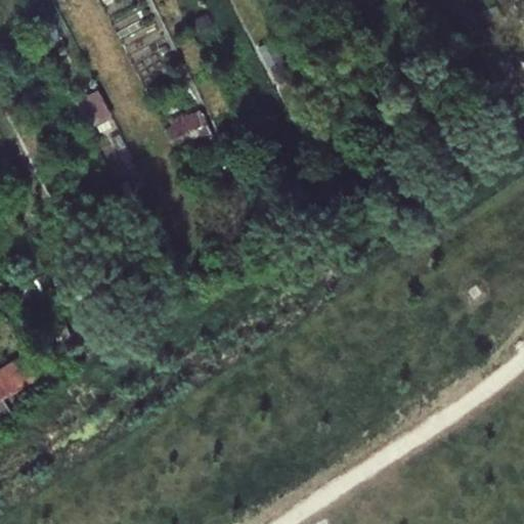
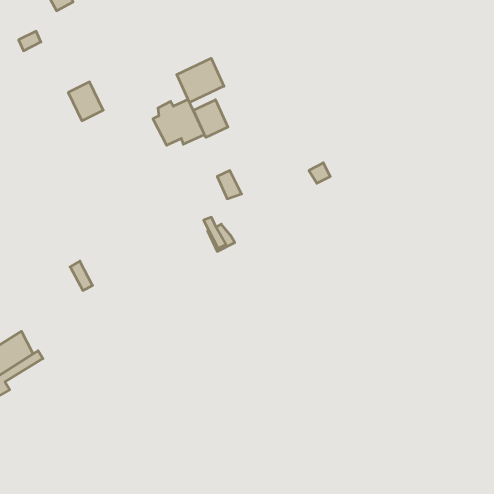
building: none -> [177,58,224,103]
building: none -> [193,100,228,137]

